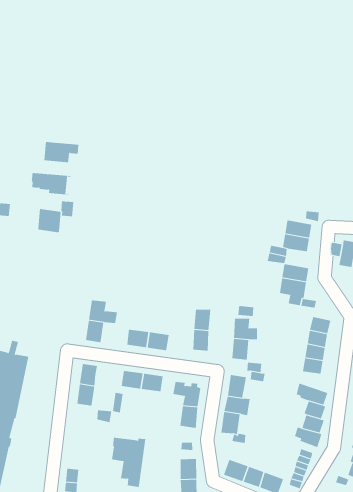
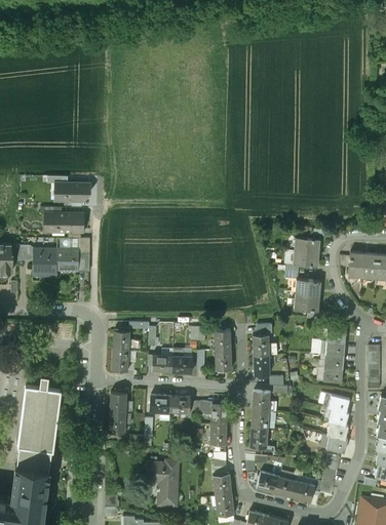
building: none -> [32,248,56,275]

